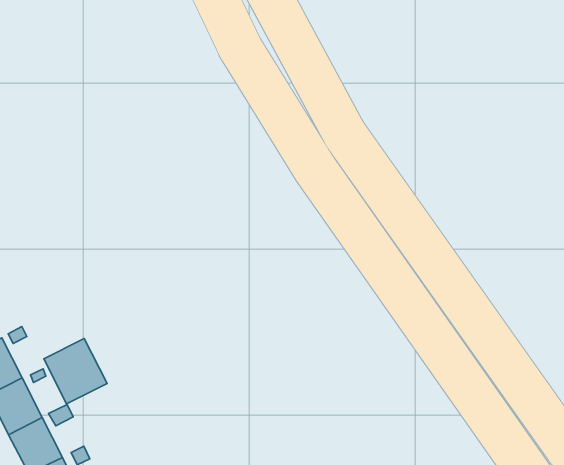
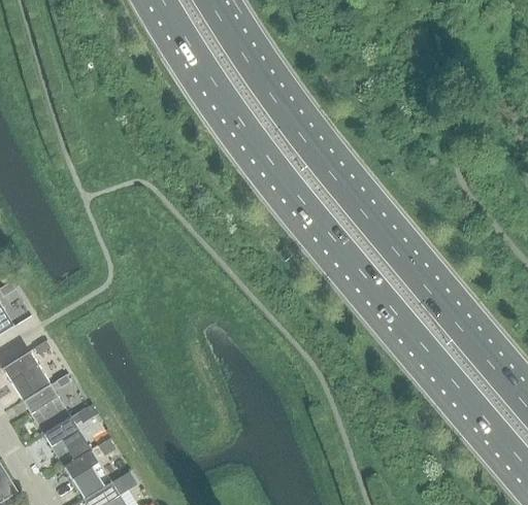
building: [44,339,107,404] -> none

